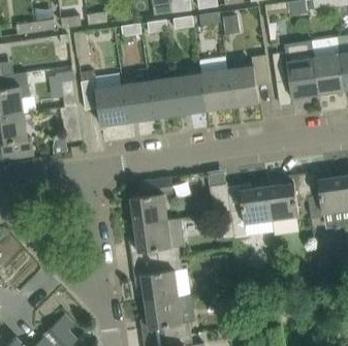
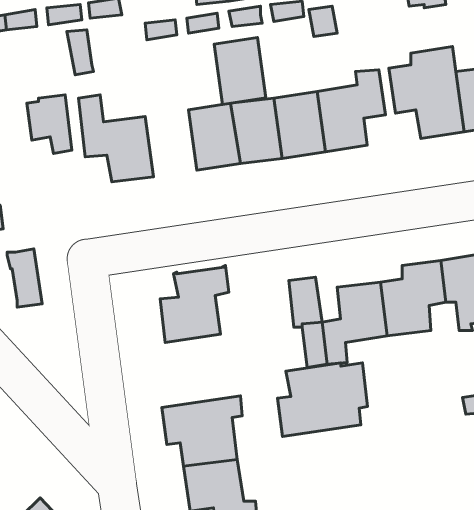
building: [122,81,154,122] -> [214,38,266,105]
building: [60,105,82,141] -> [7,249,42,307]
building: [129,219,185,264] -> [277,363,368,437]

